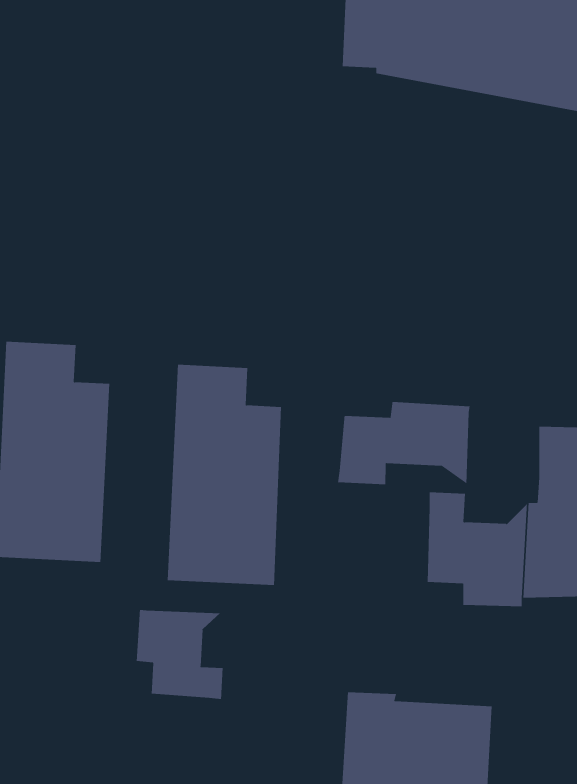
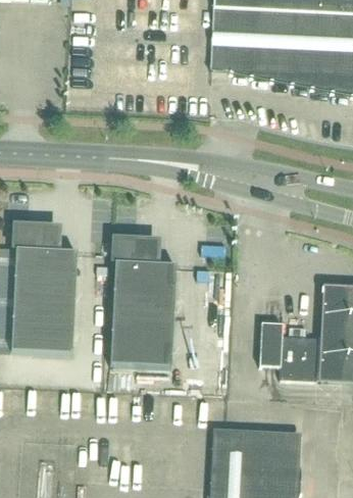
building: [337,401,470,485] -> none
building: [136,609,223,700] -> none

